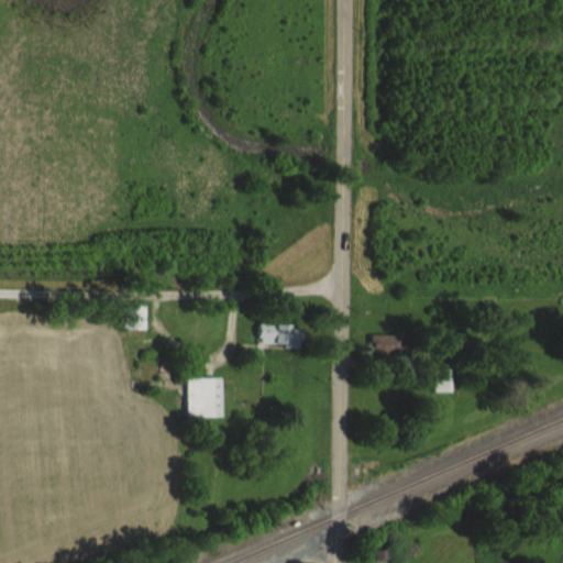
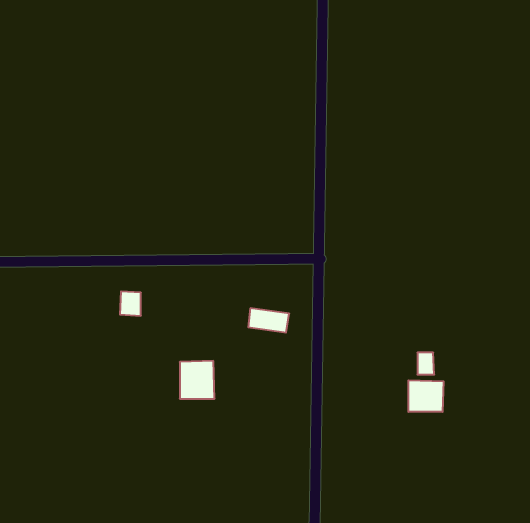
building: [372,334,401,356] -> none
building: none -> [408,380,444,412]

